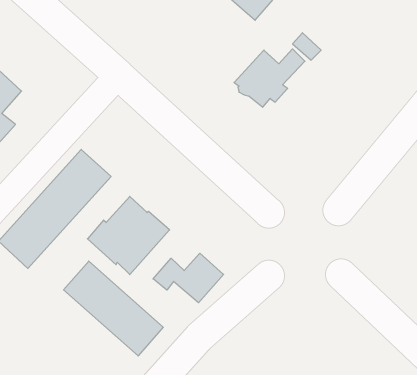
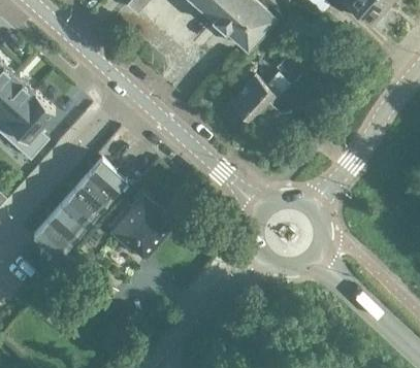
building: [153,253,224,303] -> none
building: [64,261,163,356] -> none

